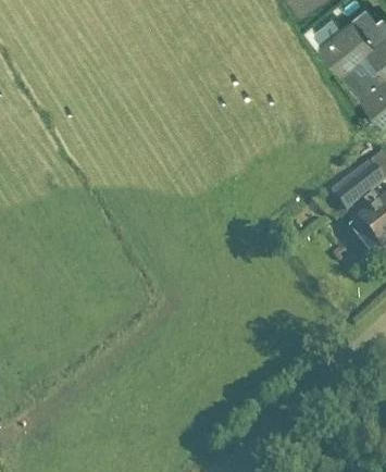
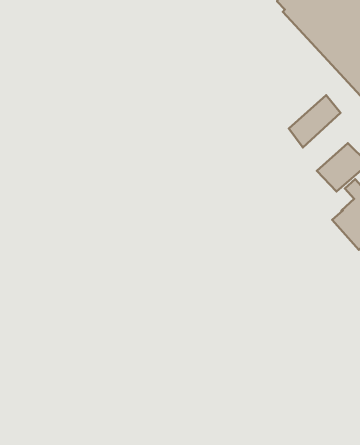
building: none -> [289,95,341,148]

